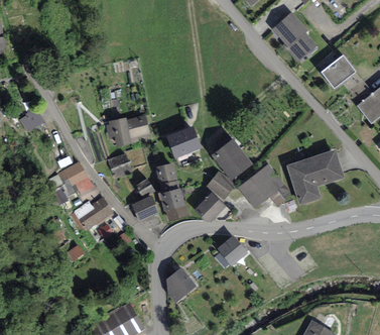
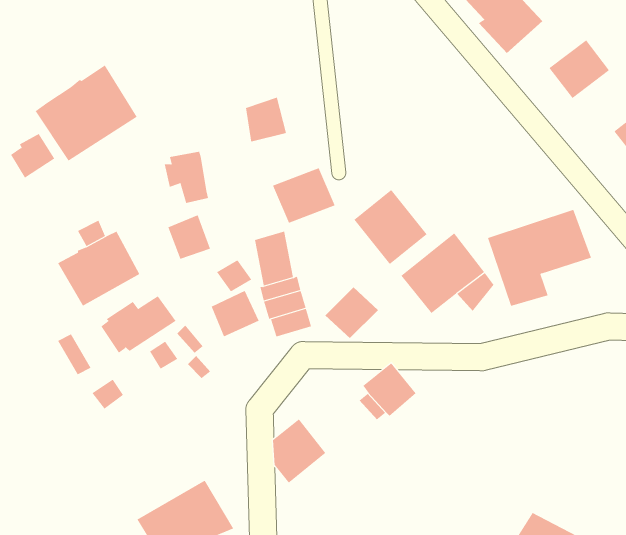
building: none -> [35,65,138,162]
building: [127,114,150,139] -> [245,97,287,142]
building: [207,171,236,199] -> none

